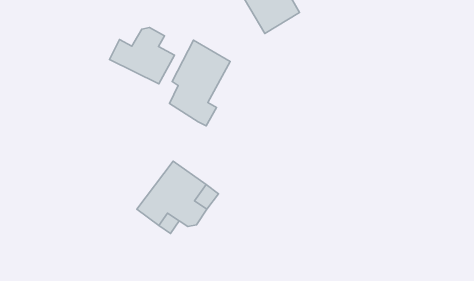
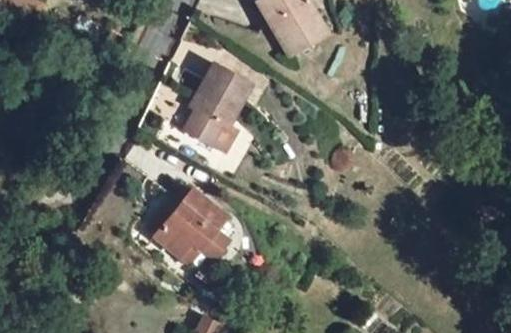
building: [109,28,175,84] -> none

